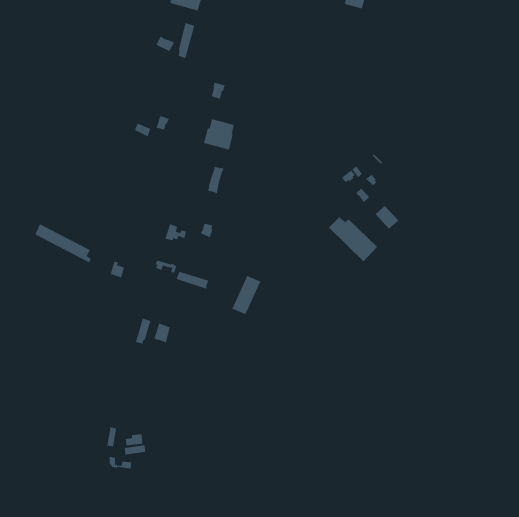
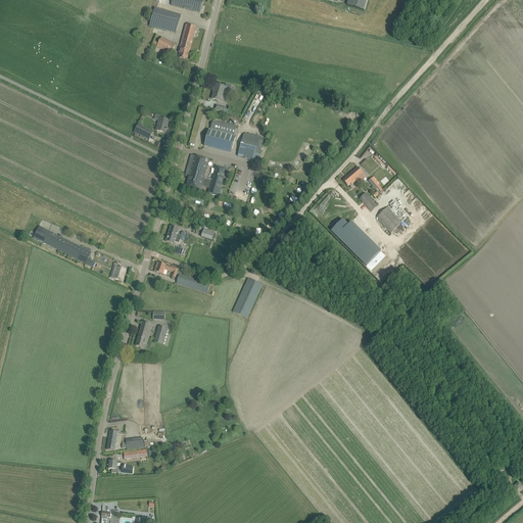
building: none -> [149,6,181,32]
building: none -> [237,131,264,159]
building: none -> [185,153,208,189]

